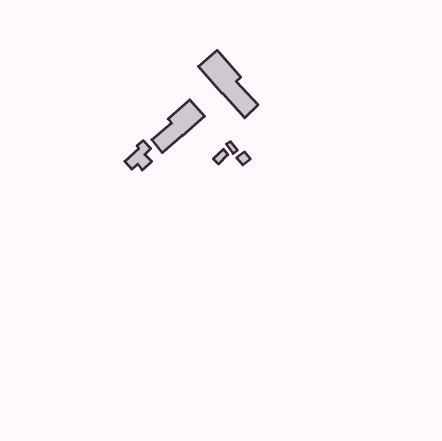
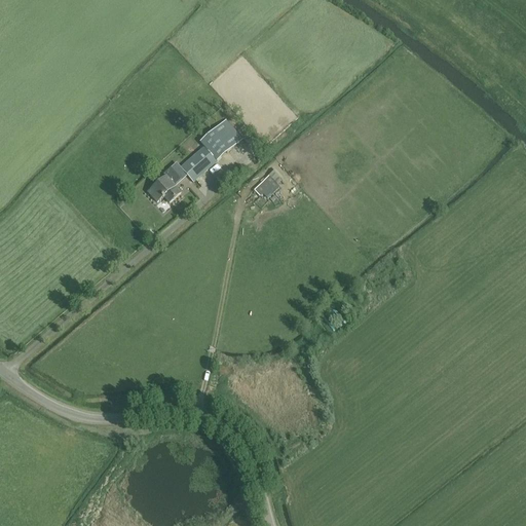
building: [198,50,258,118] -> none

